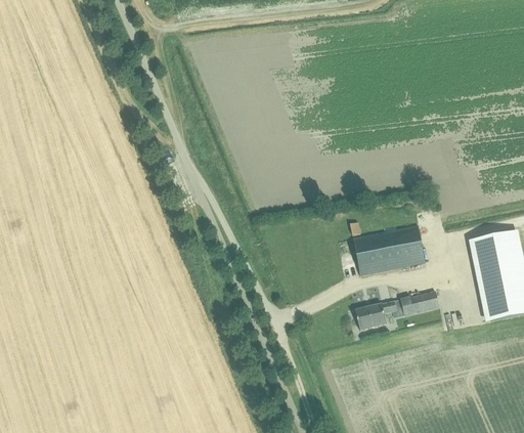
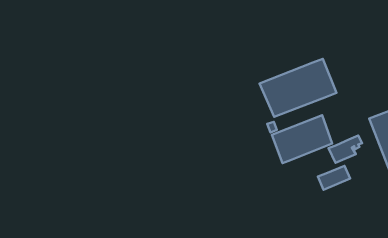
building: none -> [259,59,336,117]
building: [354,301,396,330] -> [329,135,362,163]

